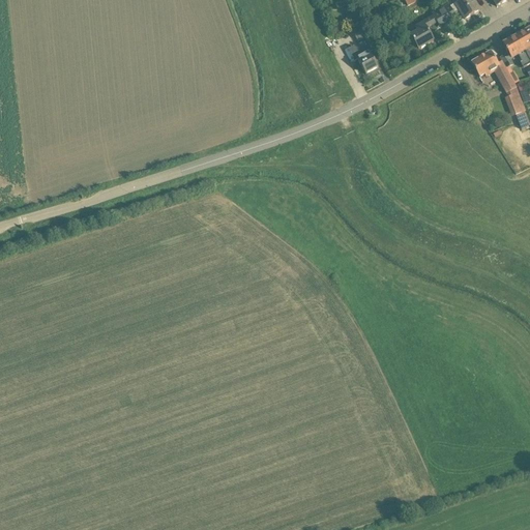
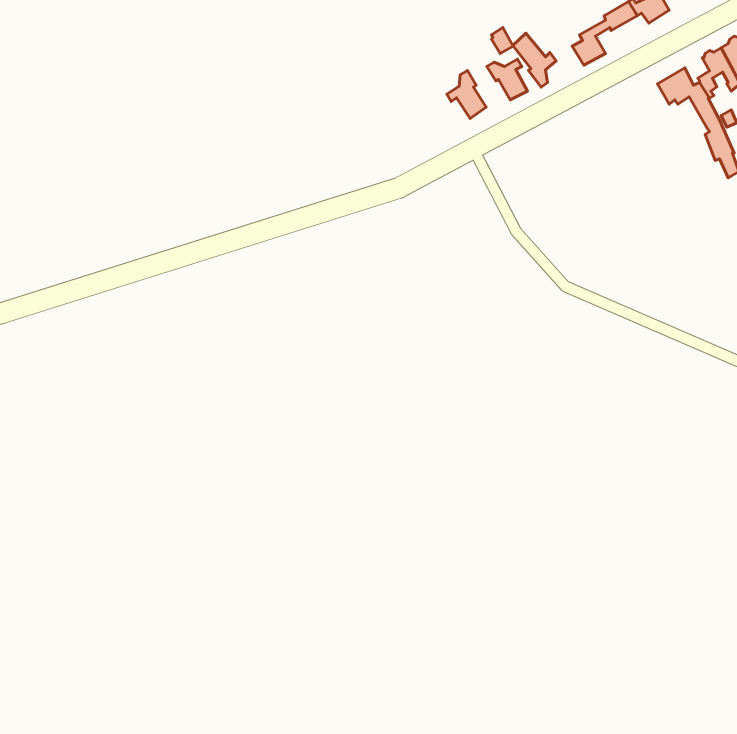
building: none -> [513,33,556,87]
building: none -> [447,71,486,118]

